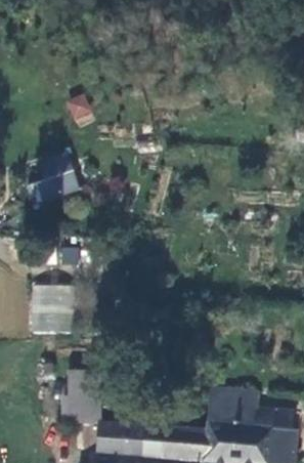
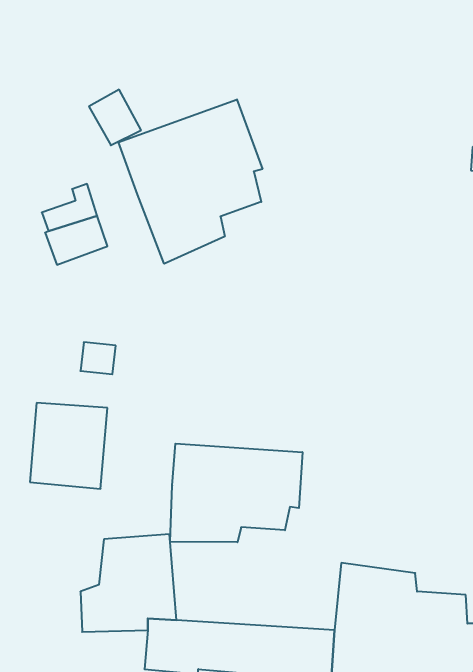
building: none -> [119,99,262,264]
building: none -> [170,444,302,542]

